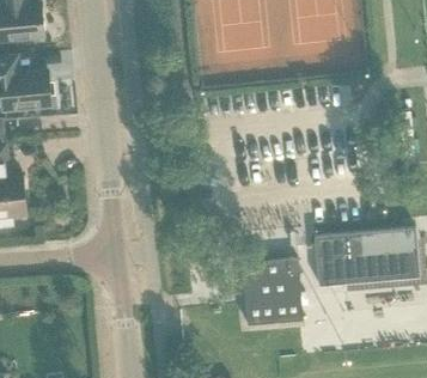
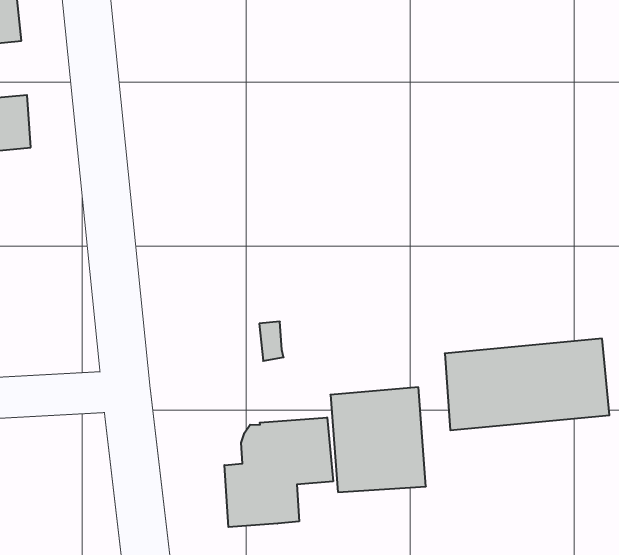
building: none -> [224,417,333,527]

